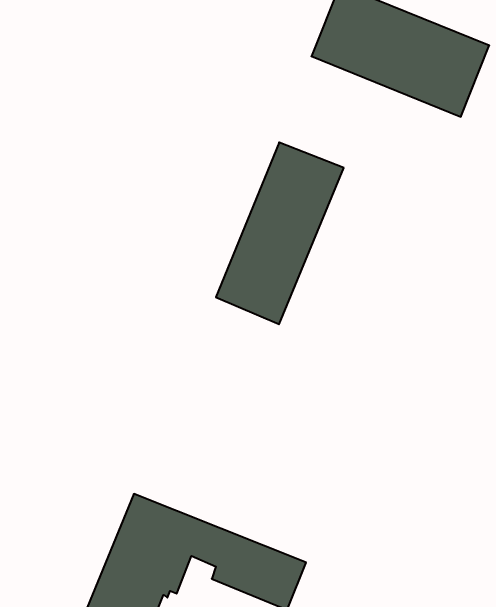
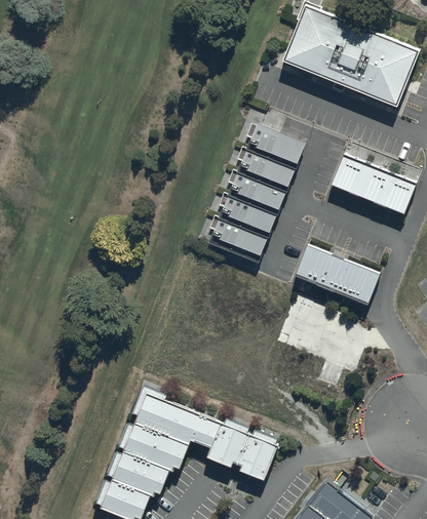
building: none -> [329,151,417,214]
building: none -> [293,244,379,304]

